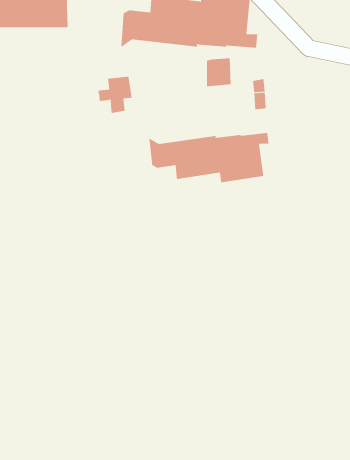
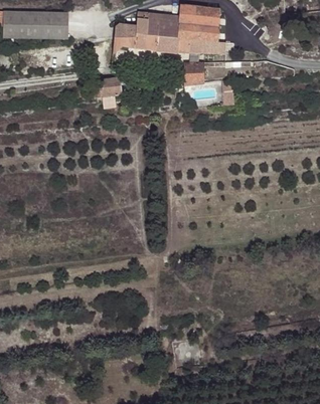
building: [149,132,269,183] -> none

